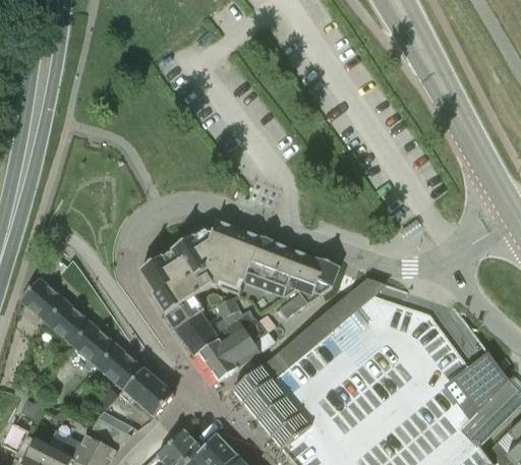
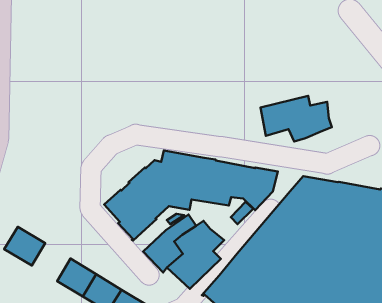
building: none -> [261,96,332,142]
building: [166,297,205,331] -> none
building: [48,302,93,347] -> none

